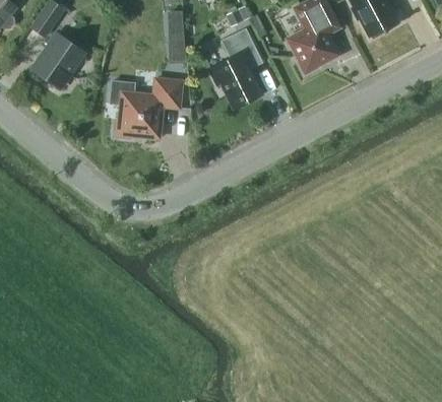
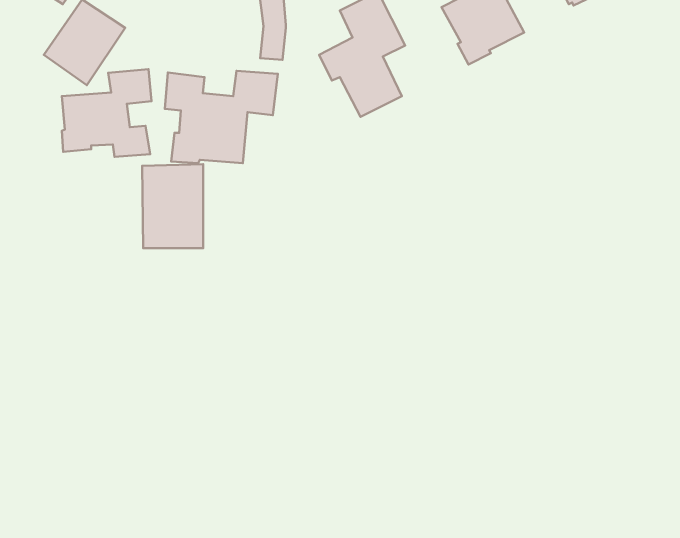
building: none -> [62,69,152,157]
building: none -> [142,164,203,248]

